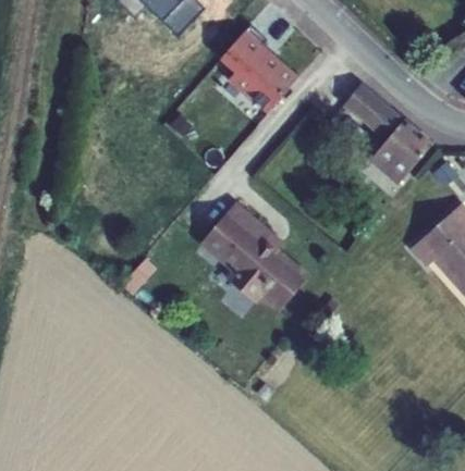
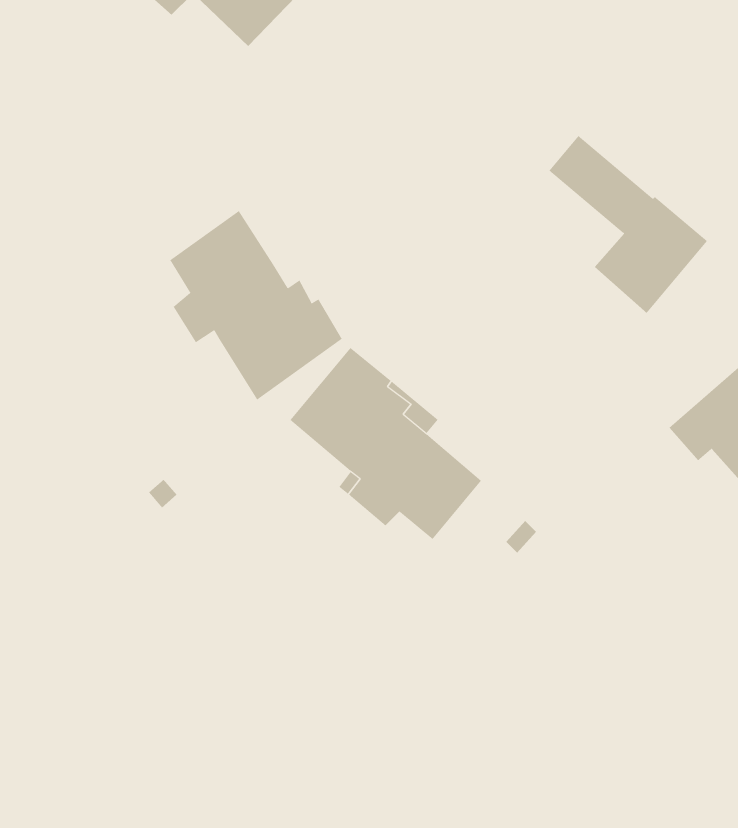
building: [221,24,298,112] -> none
building: none -> [170,210,343,401]

